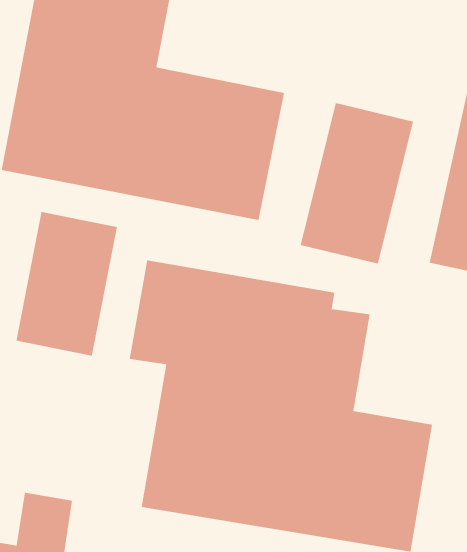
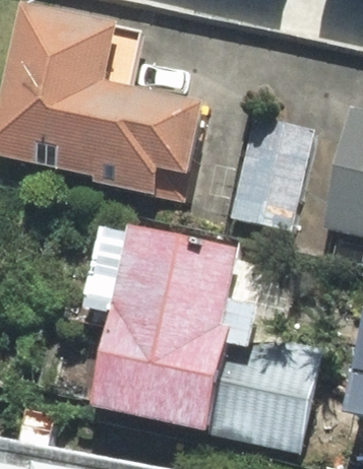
building: [16,211,118,357] -> none

